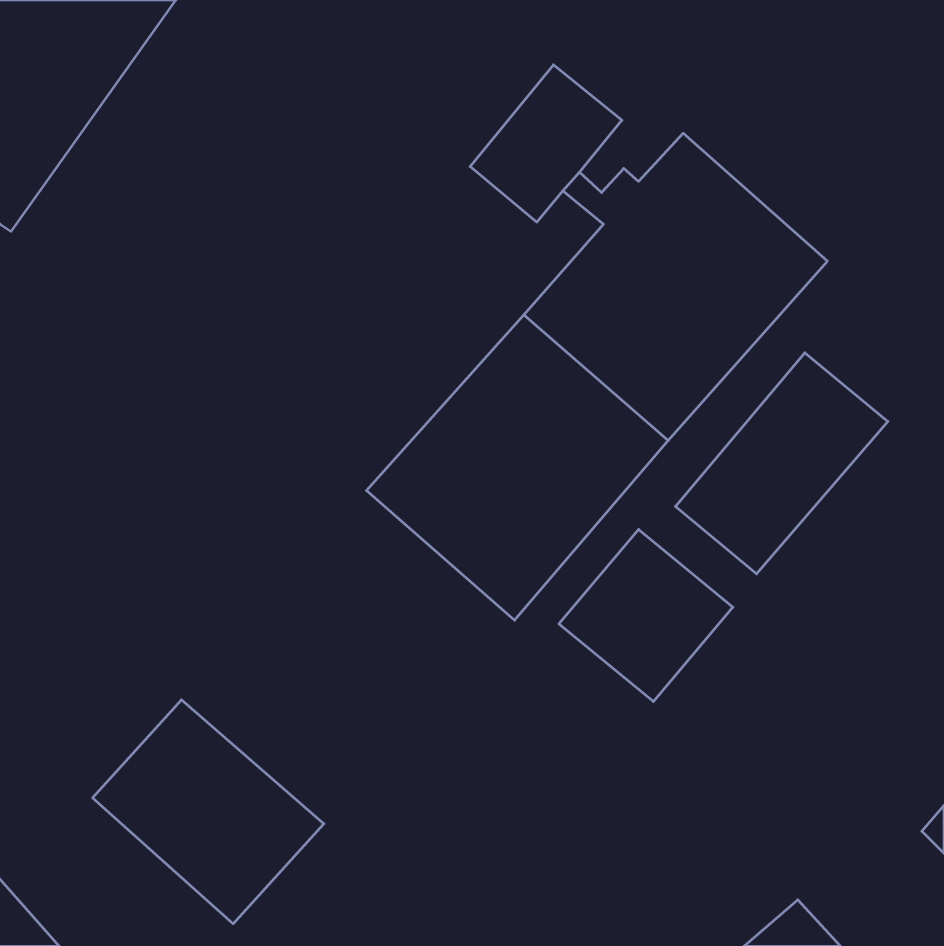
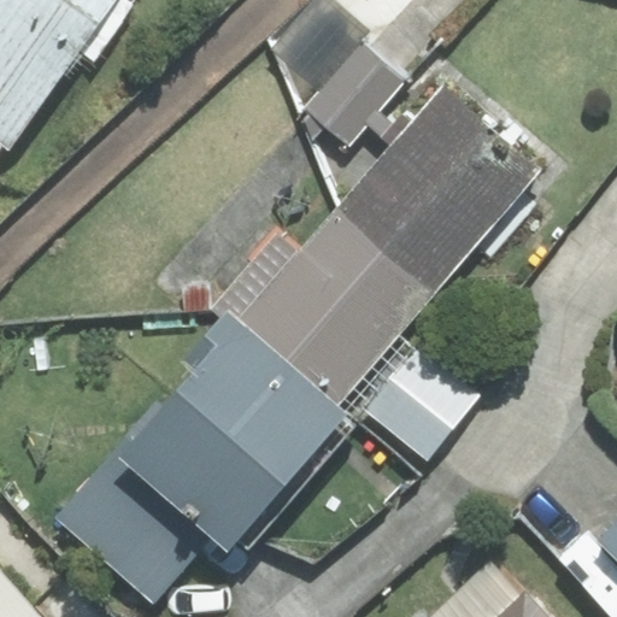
building: [675,353,888,574] -> none
building: none -> [118,307,345,548]

